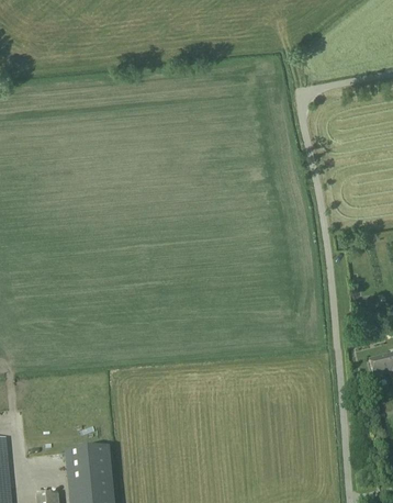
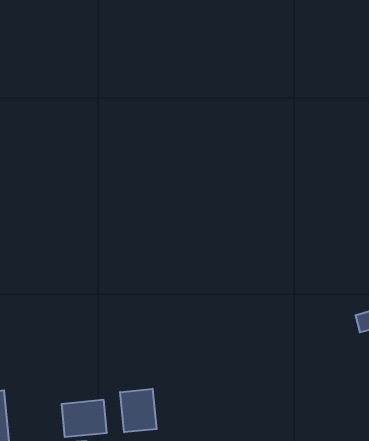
building: none -> [120,389,157,432]

